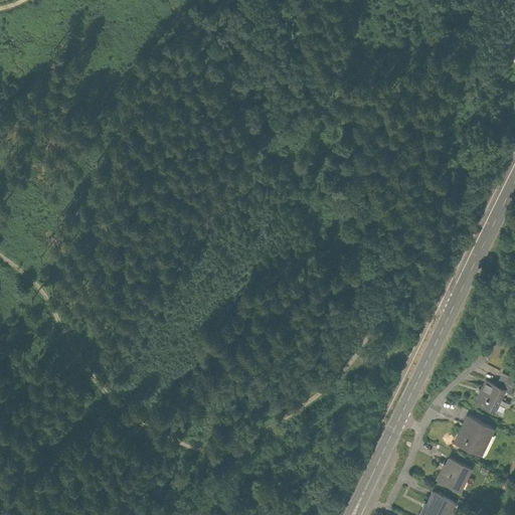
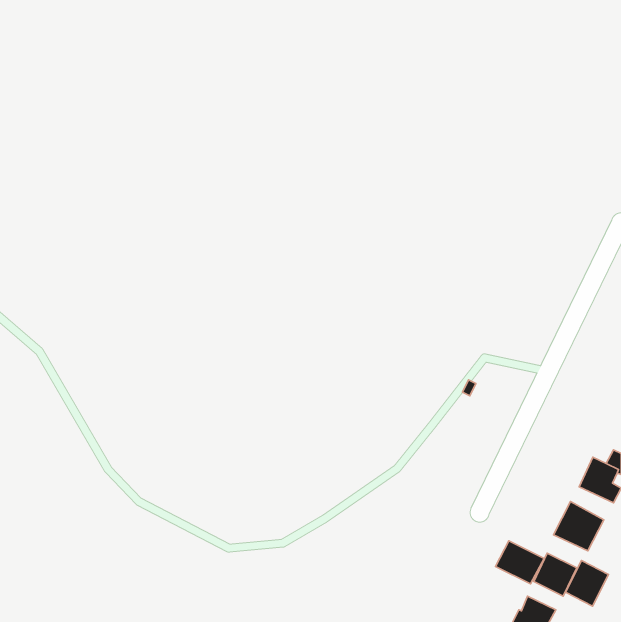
building: none -> [495,541,544,584]
building: none -> [566,560,608,606]

